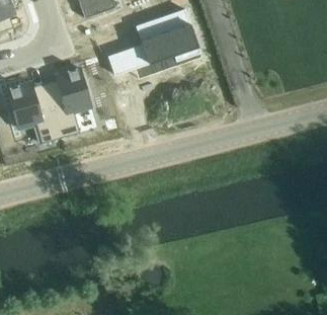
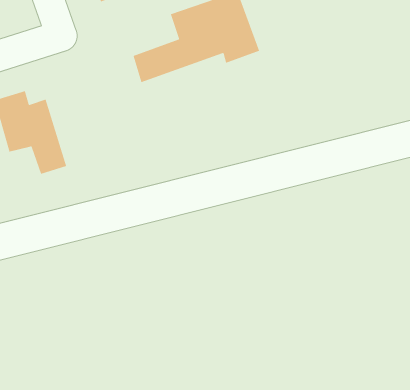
building: [47,67,91,137] -> none

